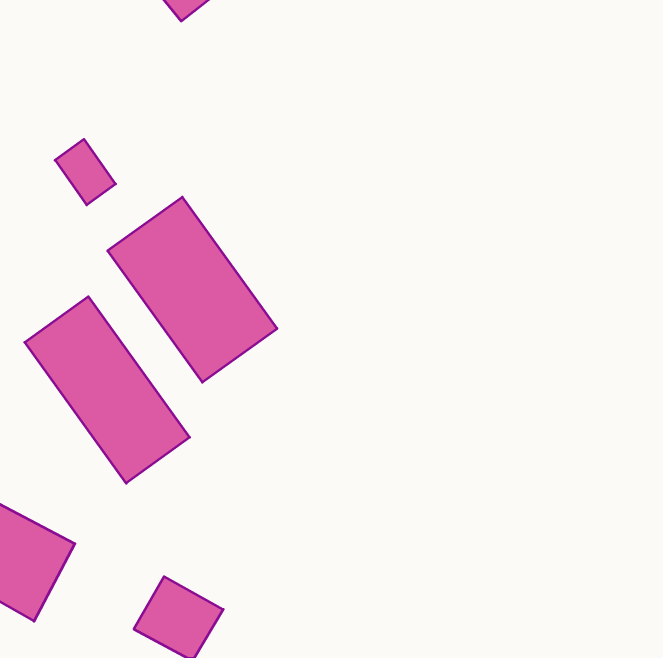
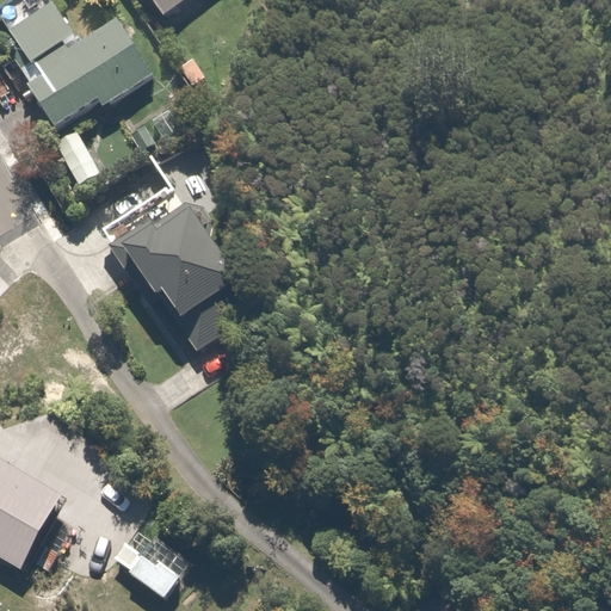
building: none -> [11,8,148,130]
building: [25,297,190,483] -> none

